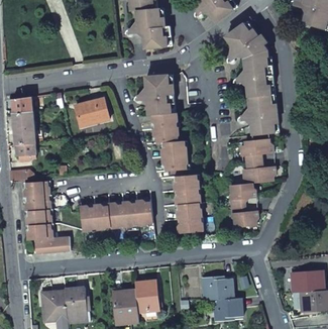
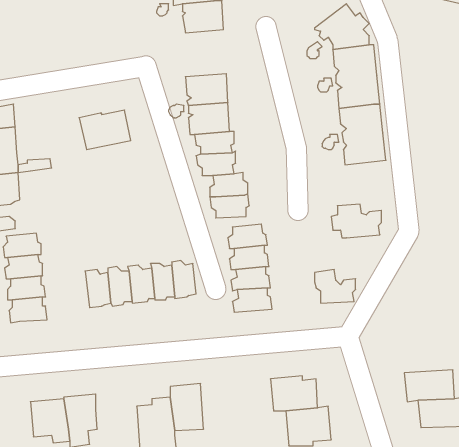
building: [240,139,274,162] -> none
building: [230,184,256,207] -> none
building: [35,236,72,253] -> none

